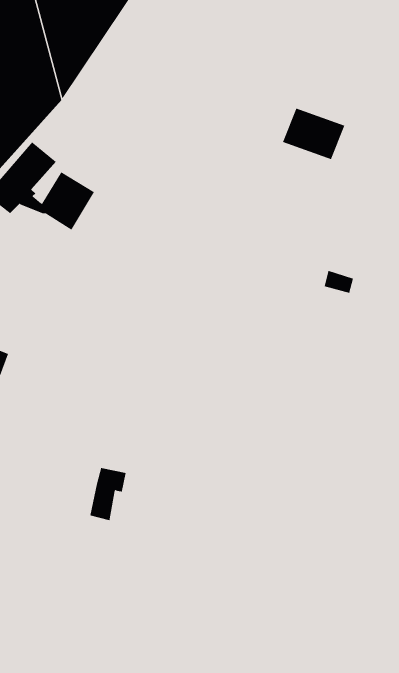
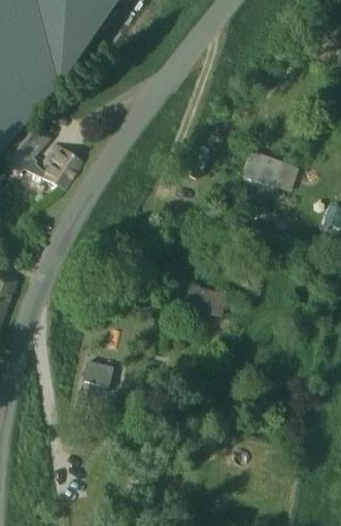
building: [282,108,345,160] -> [240,150,287,189]
building: none -> [182,285,227,317]

